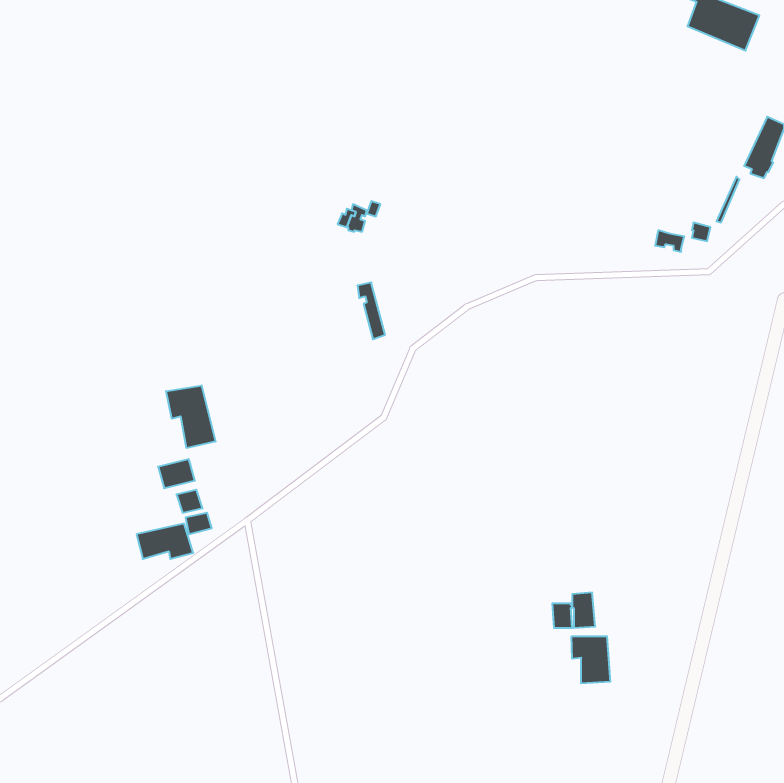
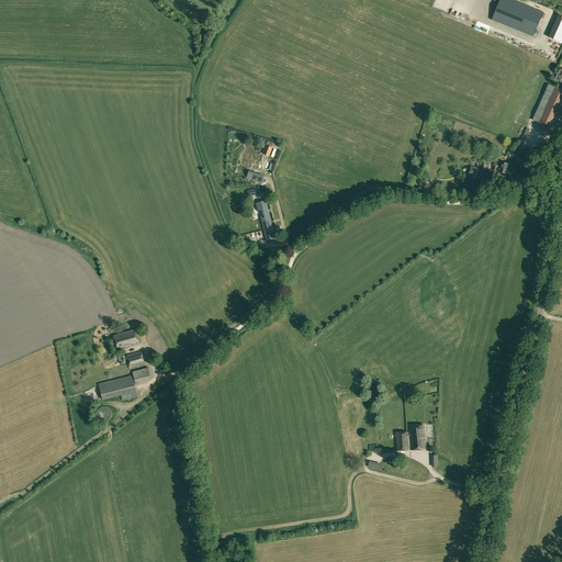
building: [166,385,216,448] -> none
building: [572,636,610,683] -> none

